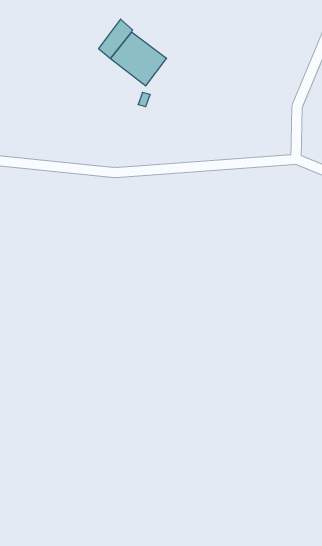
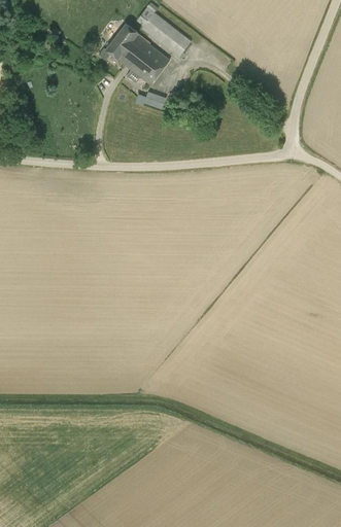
building: none -> [140,10,189,55]

